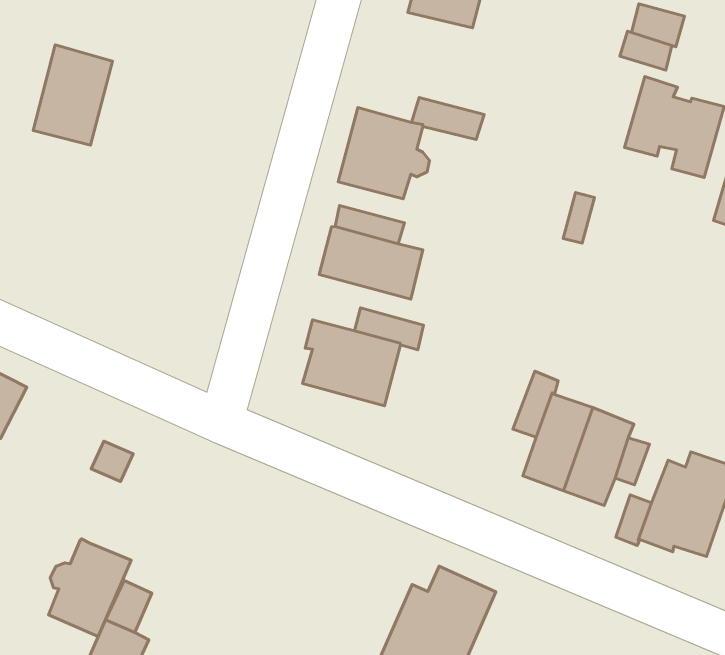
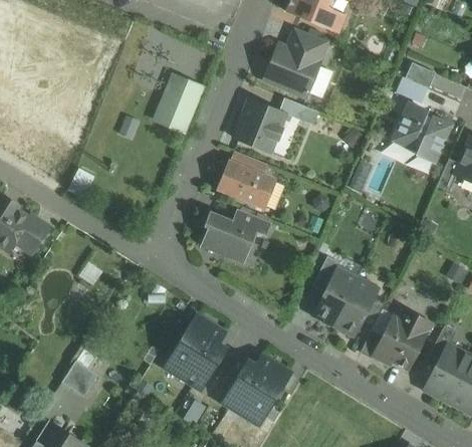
building: none -> [263,50,320,94]
building: [33,45,112,145] -> [154,75,202,133]
building: none -> [164,315,225,390]
building: [48,539,131,636] -> none

